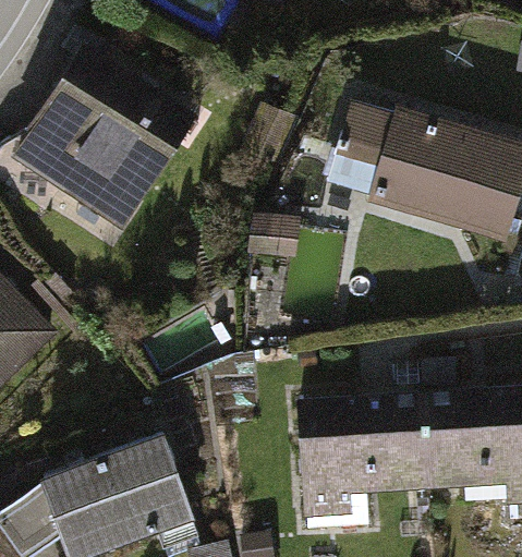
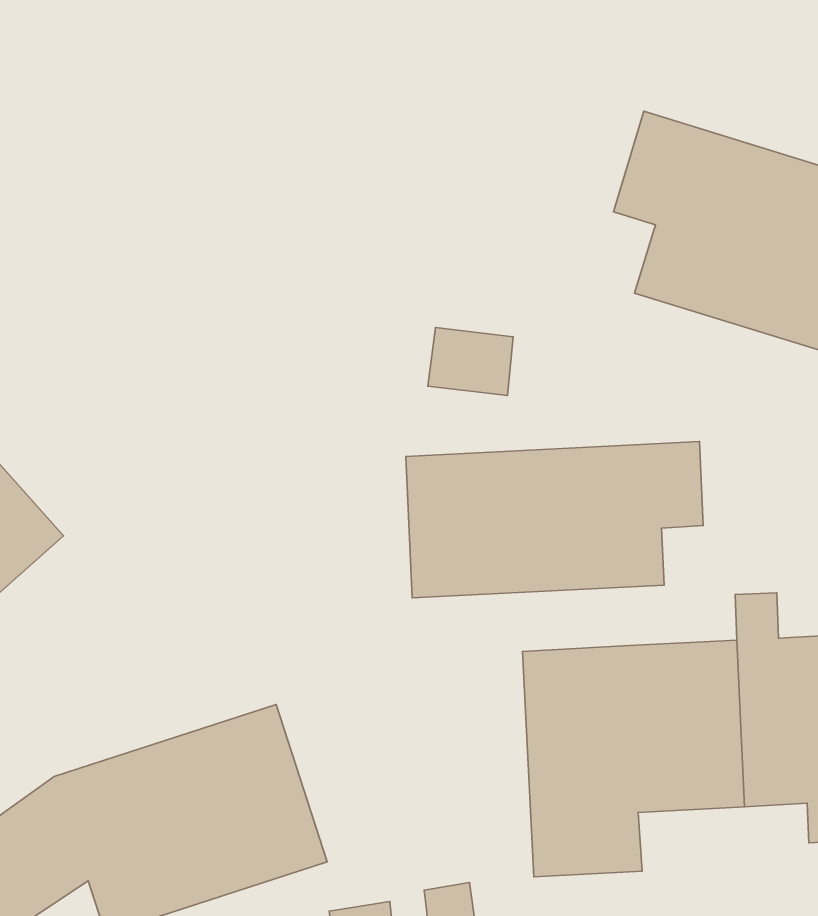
building: [16,55,191,241] -> none
building: none -> [406,442,703,598]

